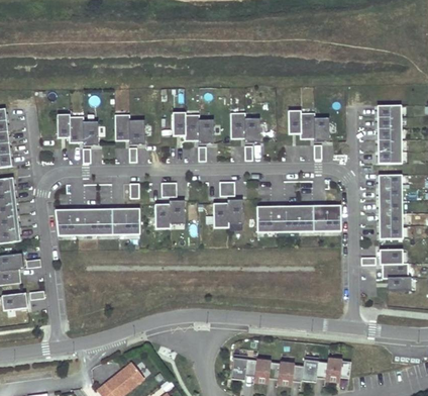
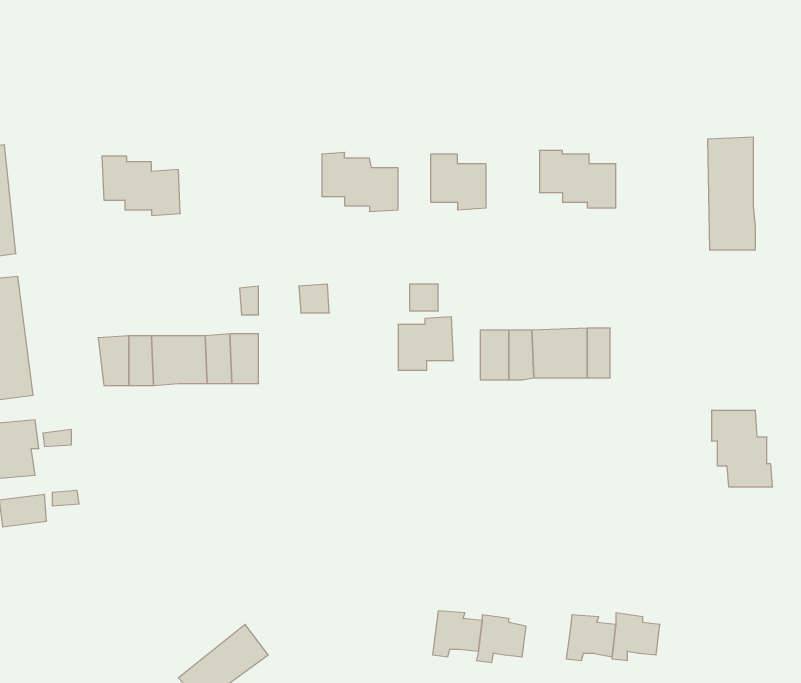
building: [115,114,144,144] -> none
building: [378,174,402,238] -> none
building: [154,200,184,228] -> none
building: [325,205,340,231] -> none
building: [278,360,304,384] -> none

